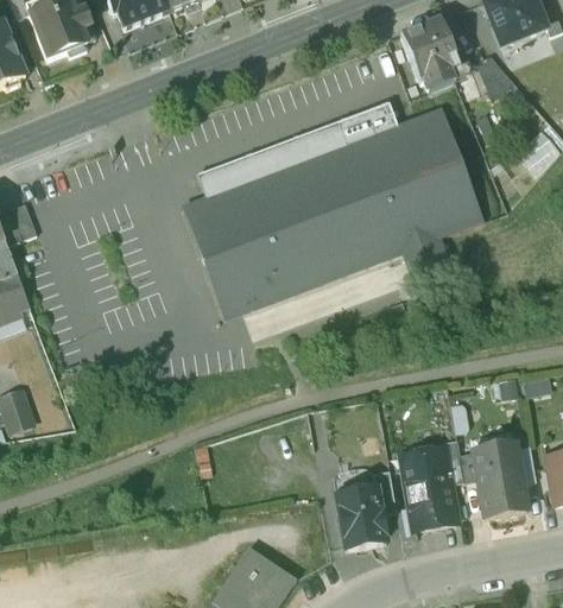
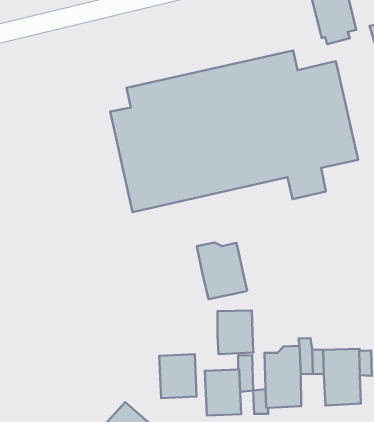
building: none -> [197,242,247,299]
building: none -> [217,311,254,354]
building: none -> [159,354,197,398]

